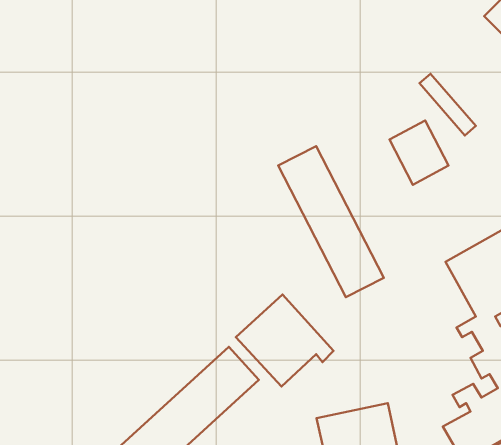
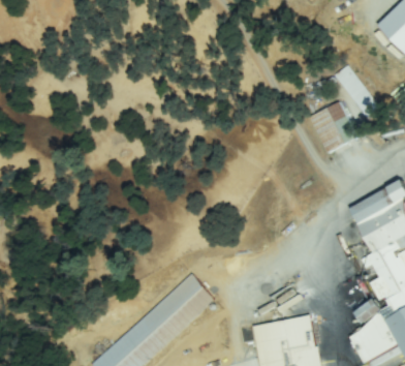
building: [278,146,384,297] -> none
building: [236,294,333,387] -> none

